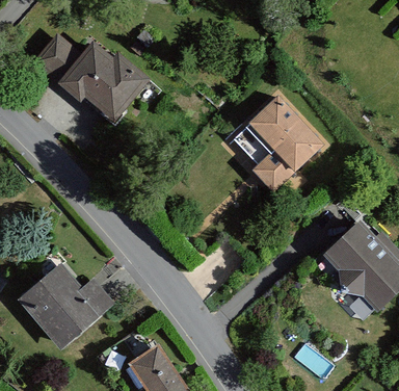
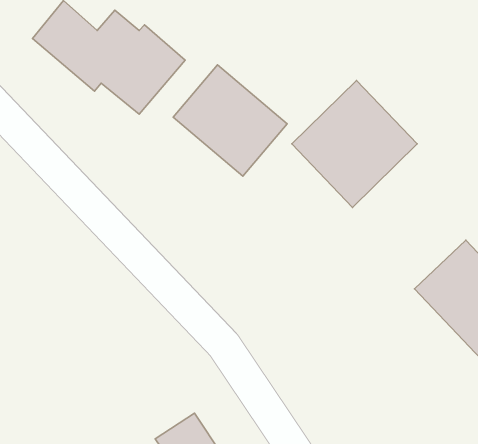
building: none -> [173,65,287,176]
building: [10,265,102,358] -> none

